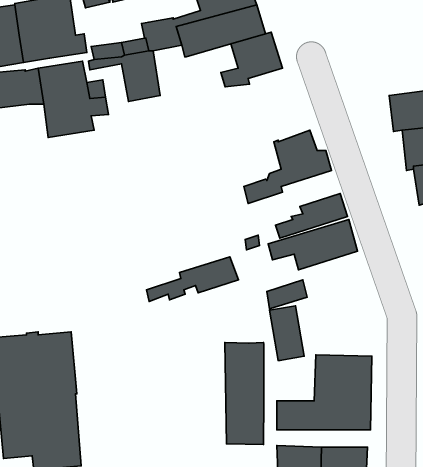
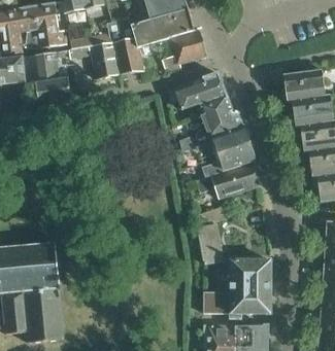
building: none -> [114,38,143,74]
building: none -> [168,72,227,109]
building: [146,257,239,301] -> [182,128,248,160]
building: [225,343,264,444] -> none

